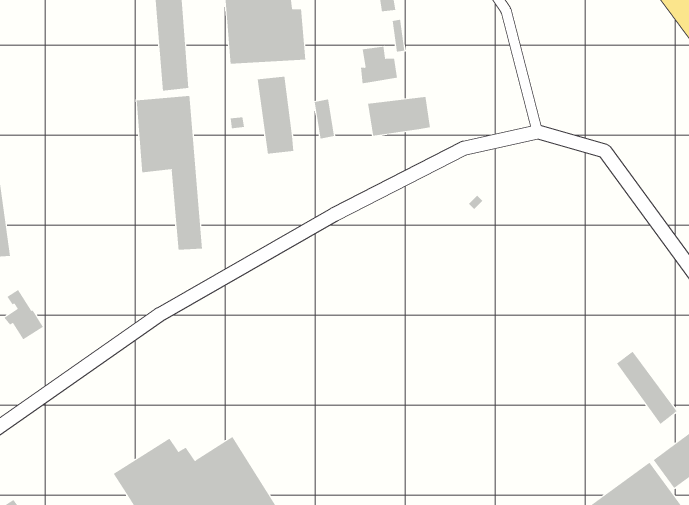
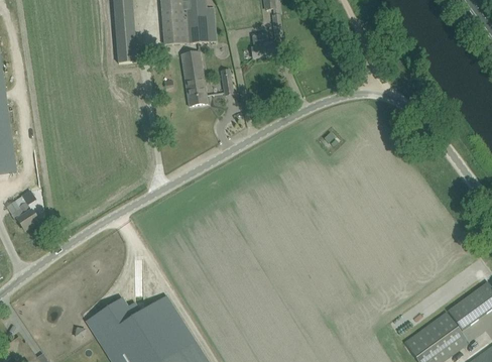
building: [136,95,202,251] -> none
building: [368,96,431,137] -> none
building: [616,351,677,425] -> none

